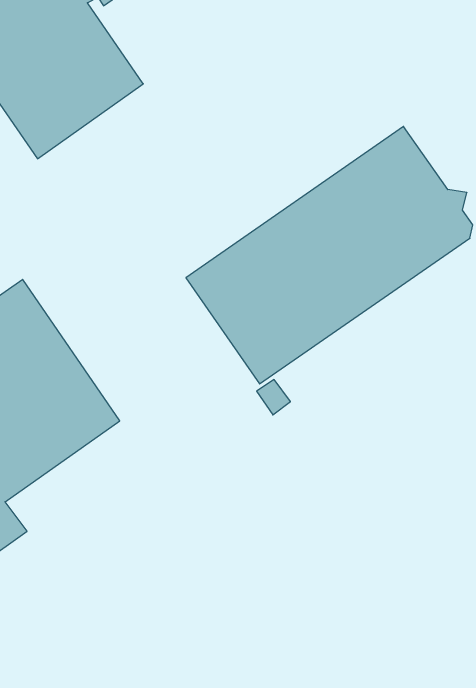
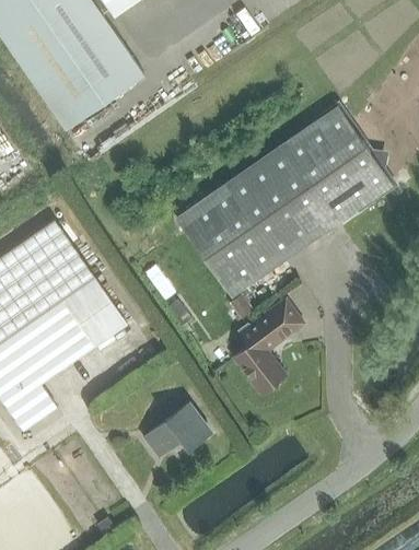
building: none -> [233,299,305,395]
building: none -> [146,403,211,456]

